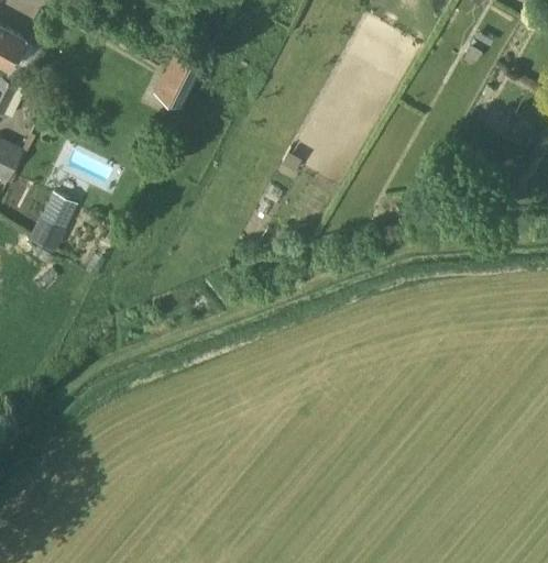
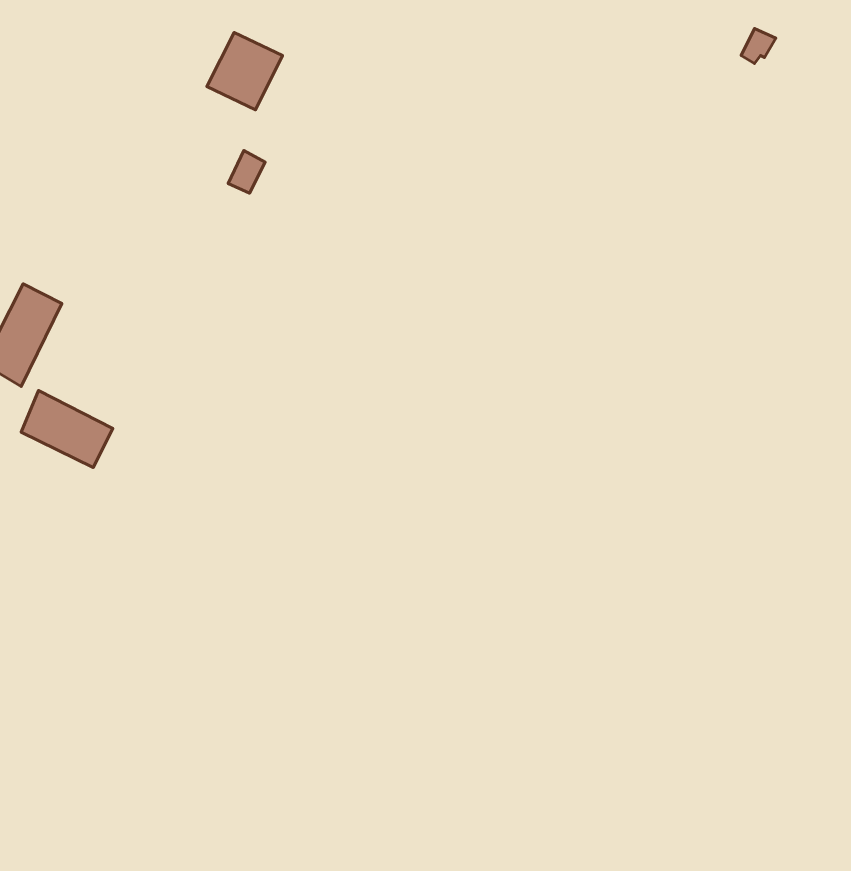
building: none -> [21,390,113,467]

